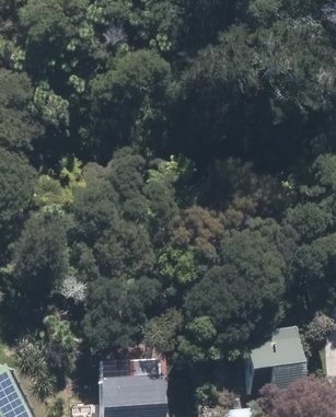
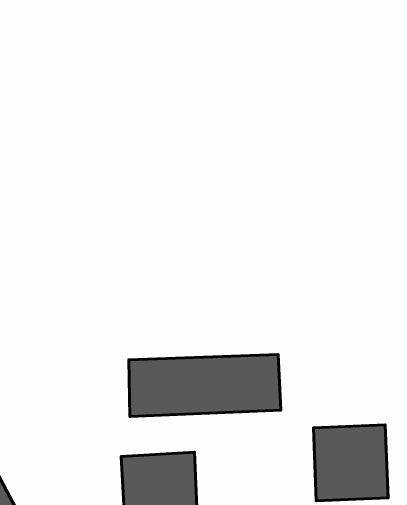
building: none -> [129,355,281,417]

